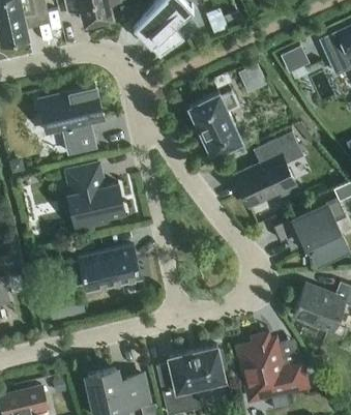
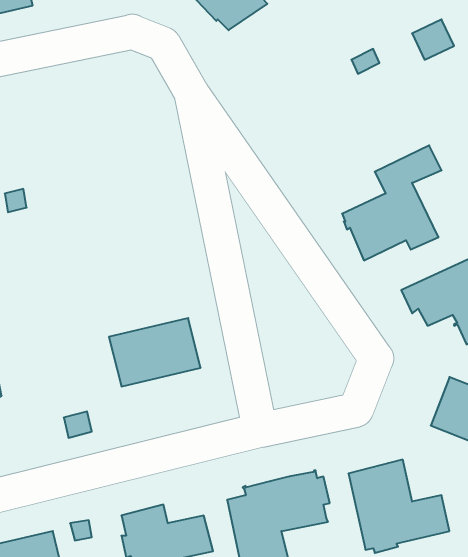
building: [188,82,241,156] -> none
building: [38,88,103,155] -> none
building: [66,166,124,230] -> none

